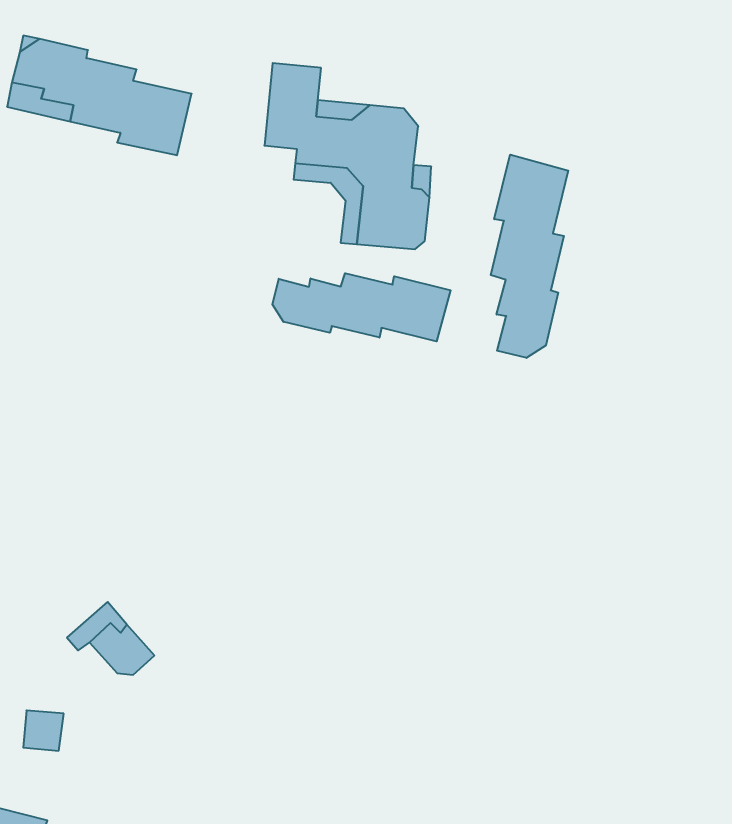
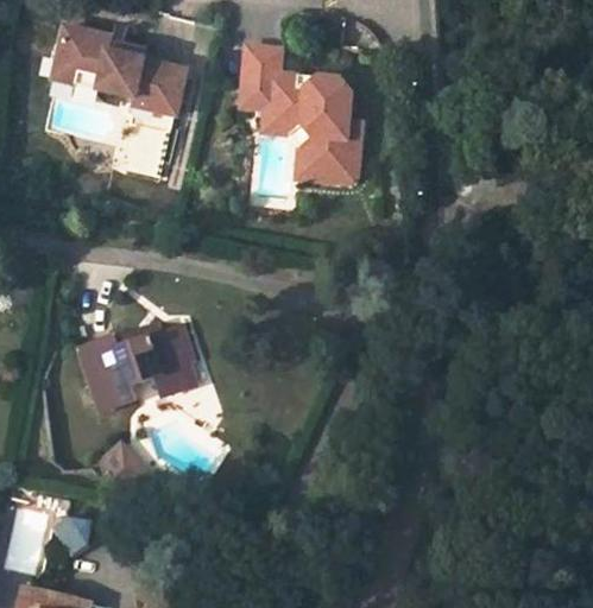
building: [491,155,568,358] -> none
building: [272,273,451,341] -> none
building: none -> [81,325,198,411]

